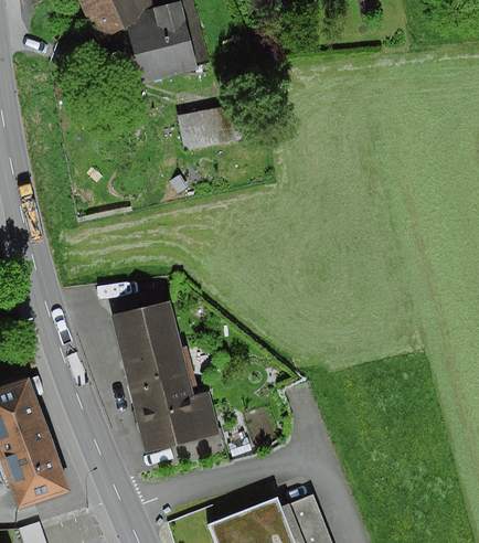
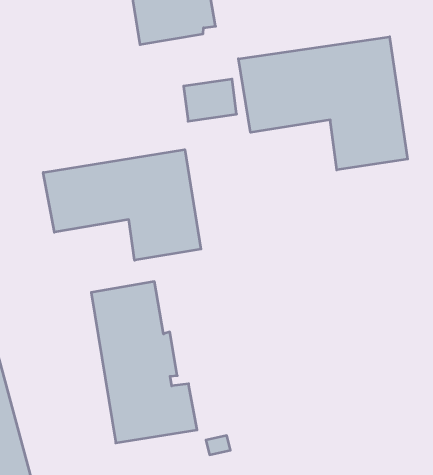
building: none -> [238,37,408,170]
building: none -> [43,150,201,260]

